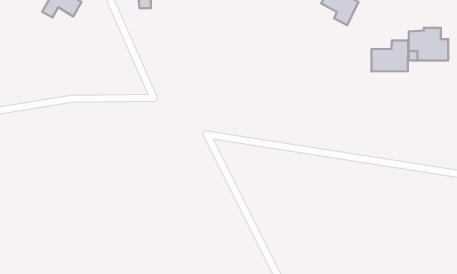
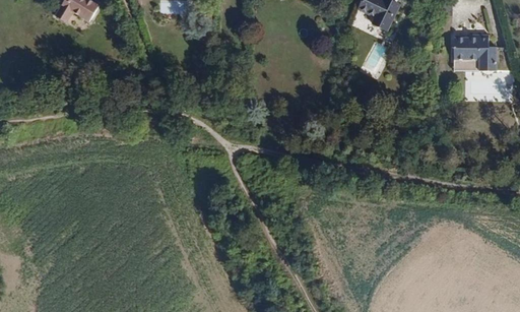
building: [371,40,408,72] -> none

